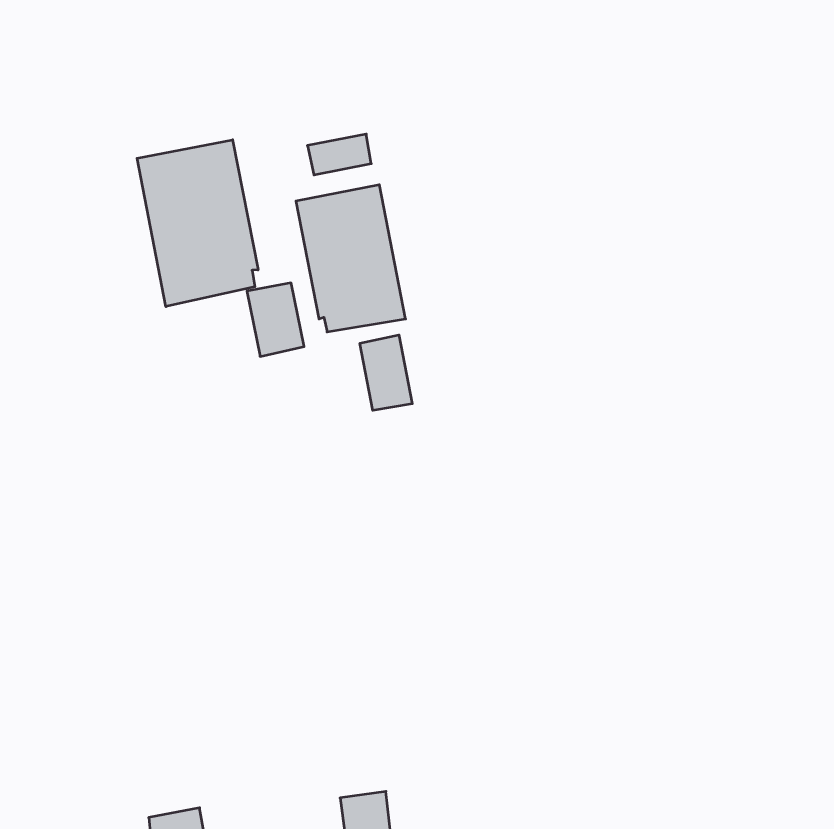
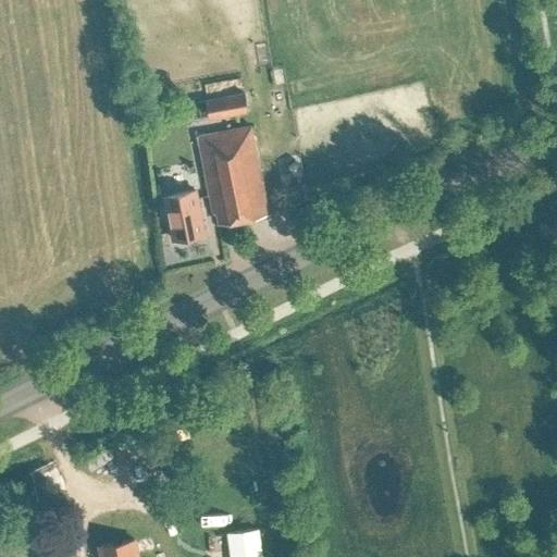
building: [137,140,258,307] -> none
building: [360,335,412,410] -> none

